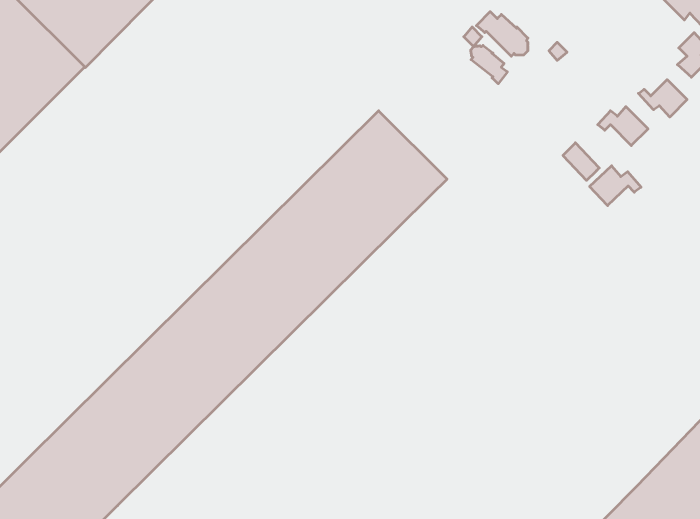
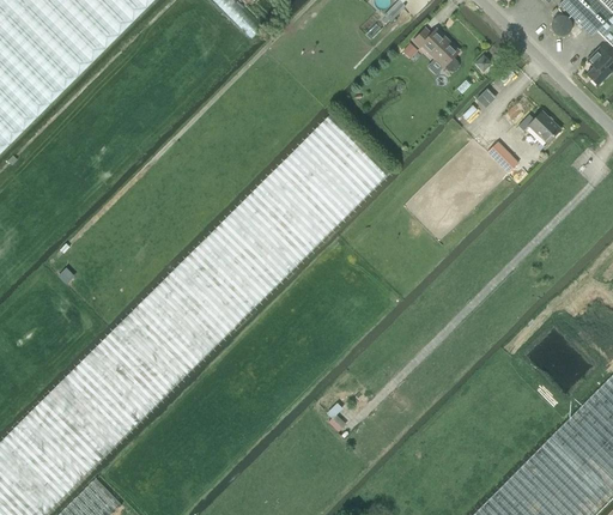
building: [471,45,507,84] -> none
building: [638,80,687,117] -> none
building: [590,166,641,206] -> none

